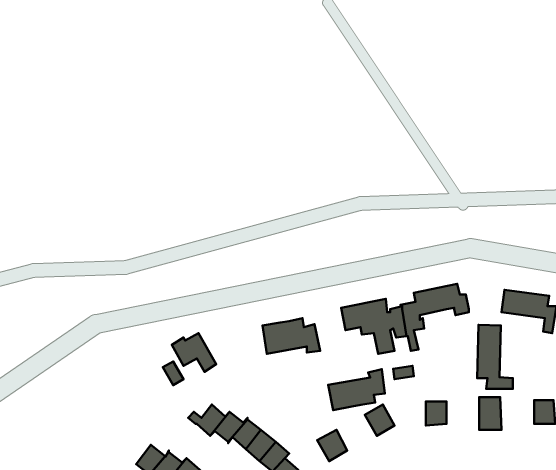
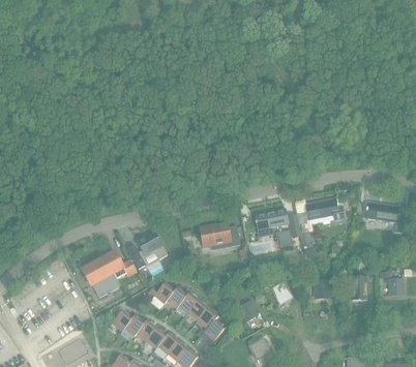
building: [477,325,513,389] -> none
building: none -> [81,251,135,298]
building: [328,369,385,410] -> none

